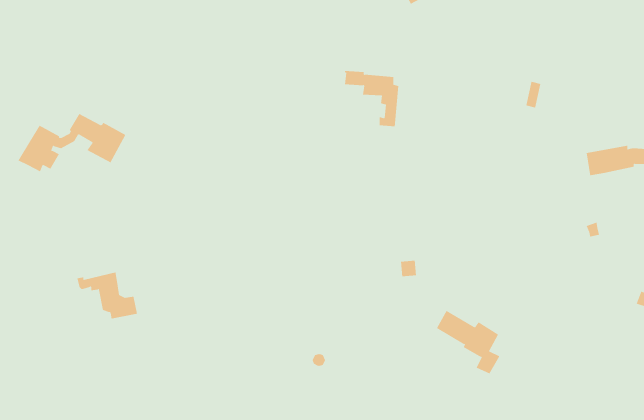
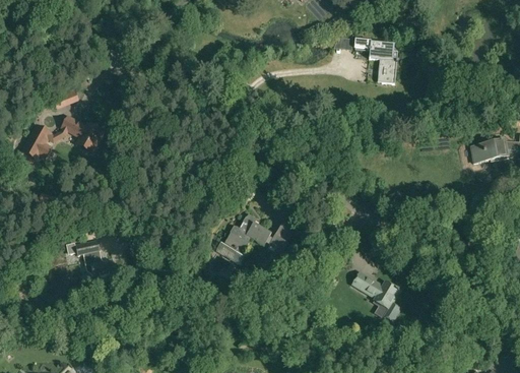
building: [344,70,399,127] -> [353,39,397,83]
building: none -> [222,213,294,254]

